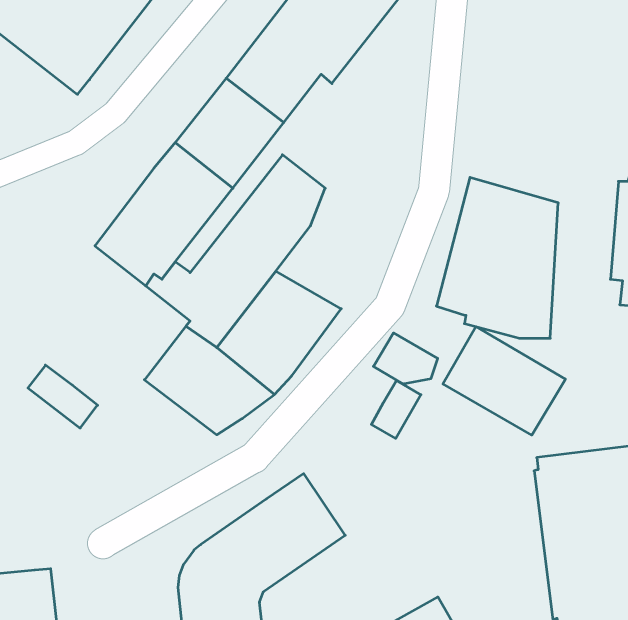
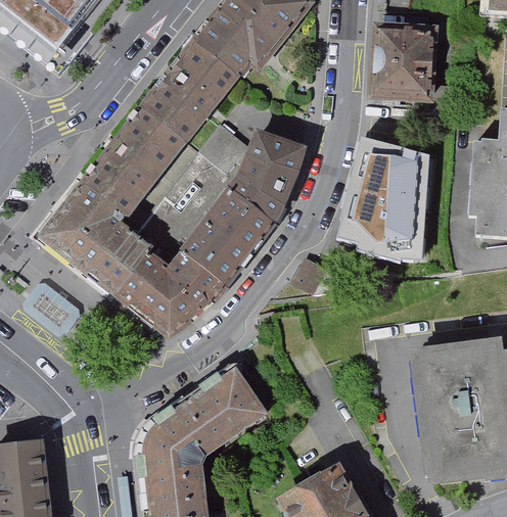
building: none -> [372,29,430,100]
building: none -> [214,133,305,240]
building: none -> [40,192,148,294]
building: [443,327,565,435] -> none
building: [371,381,421,438] -> none

